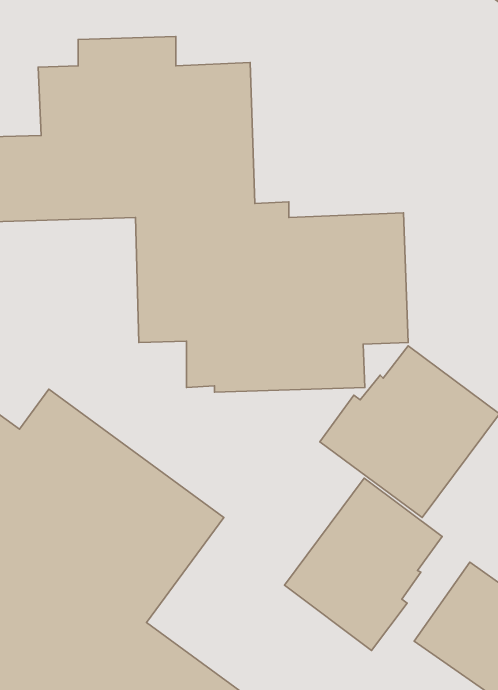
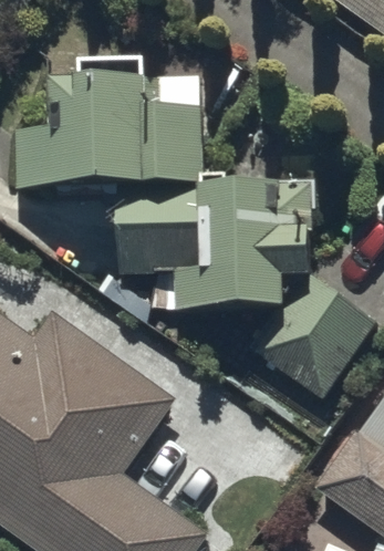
building: [284,478,442,650] -> none

